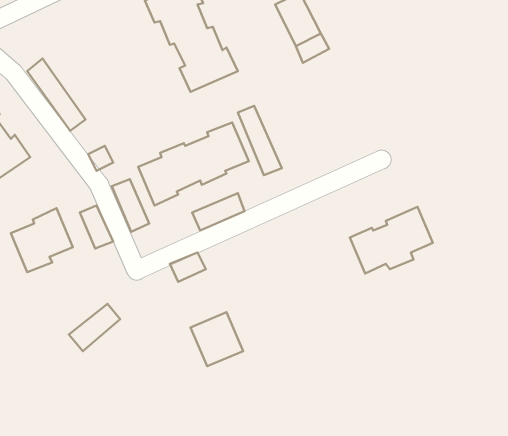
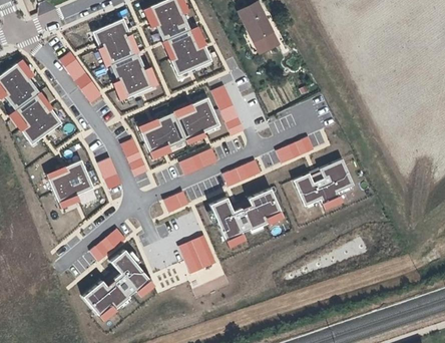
building: none -> [92,18,155,99]
building: none -> [276,136,314,163]
building: none -> [222,159,261,187]
building: none -> [208,189,280,241]
building: none -> [81,250,149,316]

